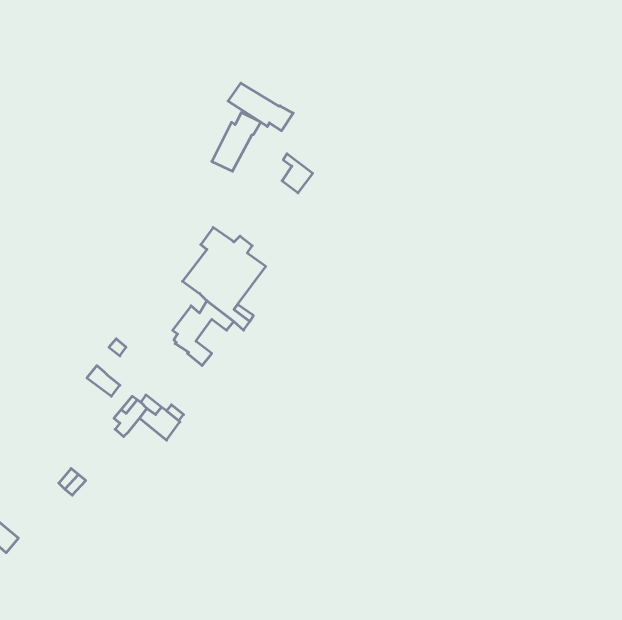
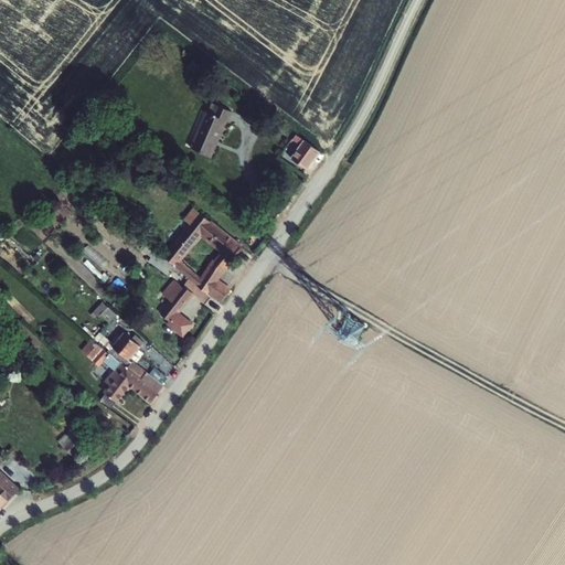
building: [228,83,293,131] -> none
building: [282,154,313,193] -> [291,134,319,169]
building: none -> [97,334,142,362]

